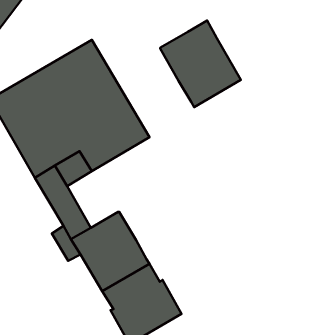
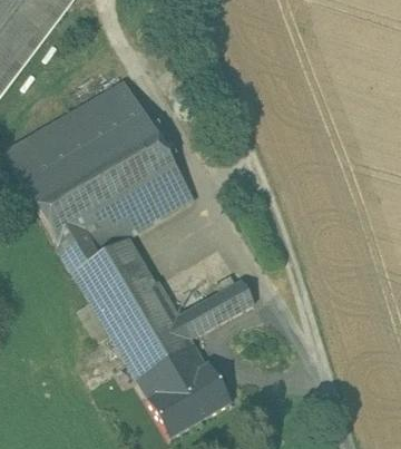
building: [160,20,241,107] -> none
building: none -> [97,233,157,301]
building: none -> [178,279,255,338]

